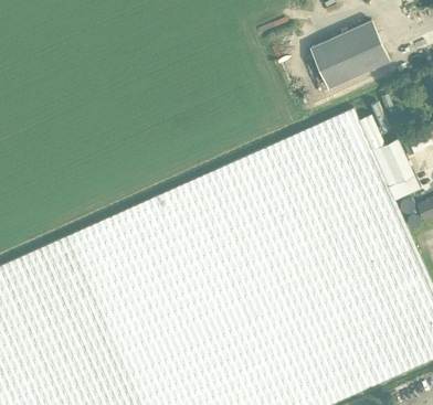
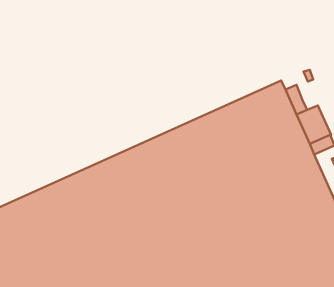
building: [310,21,389,92] -> none

